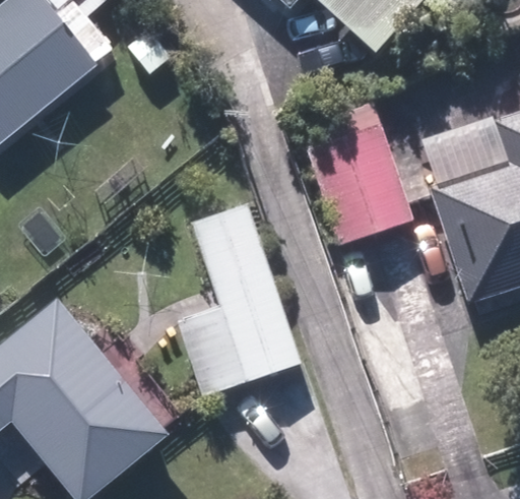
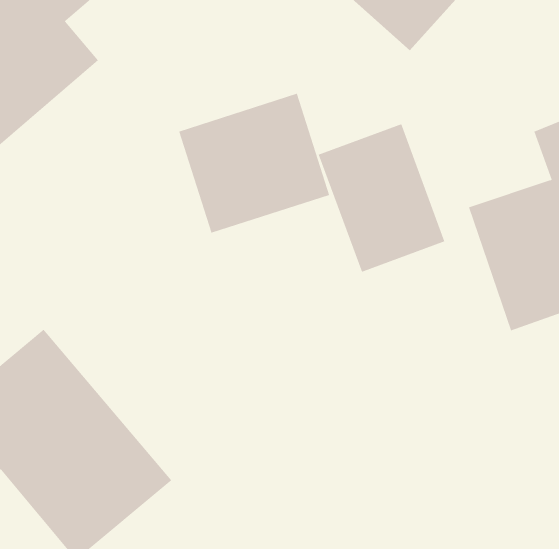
building: none -> [178,93,330,234]
building: [176,203,297,393] -> none

